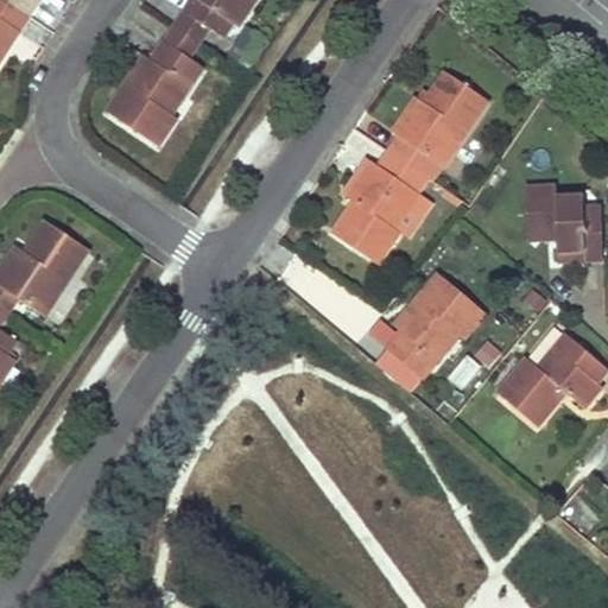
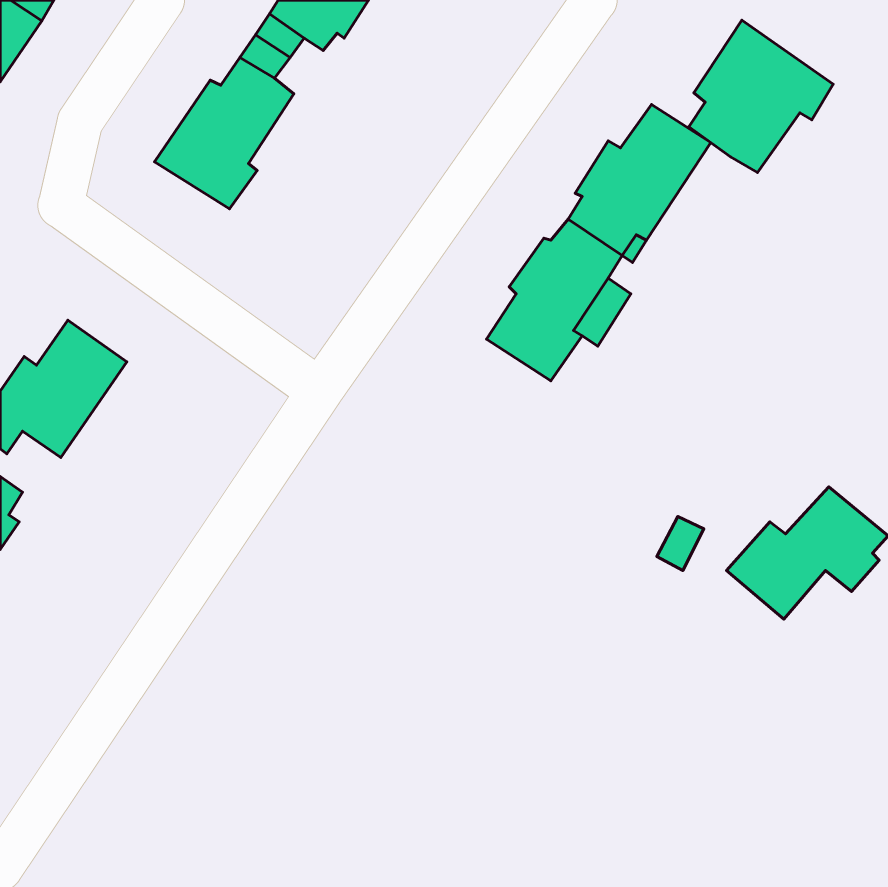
building: none -> [689,20,833,172]
building: [524,184,600,259] -> none
building: [386,273,483,375] -> none

